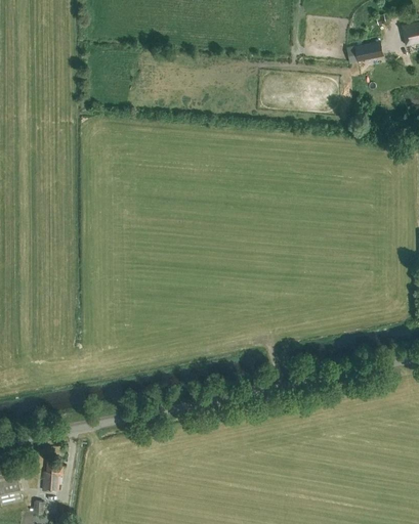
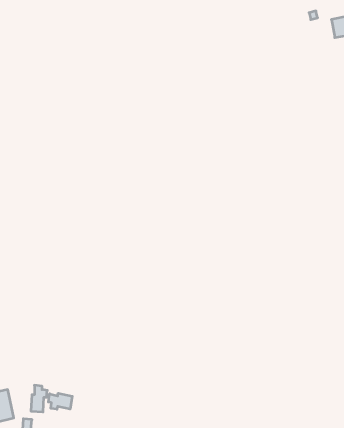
building: [353,40,383,62] -> none
building: none -> [48,393,72,409]

